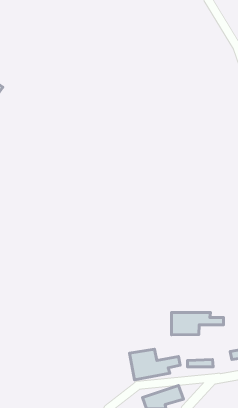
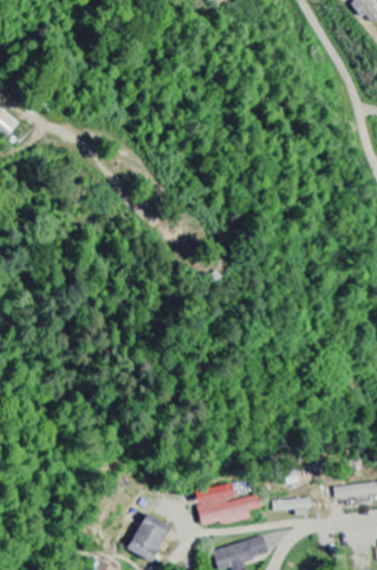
building: [171,313,223,335] -> none
building: none -> [126,512,170,561]

